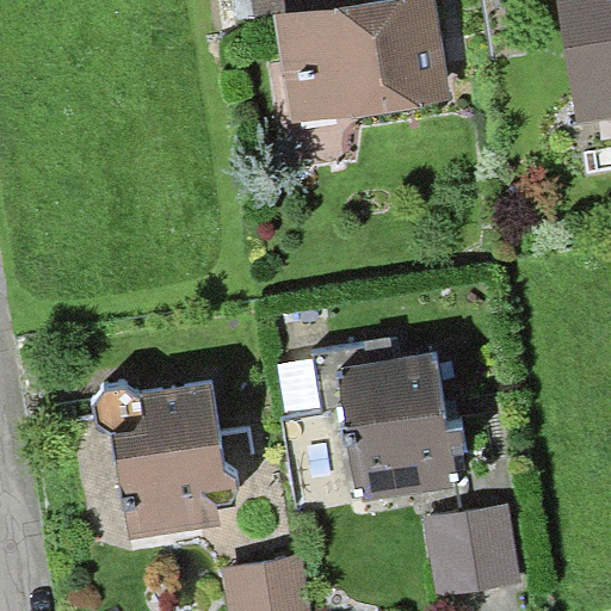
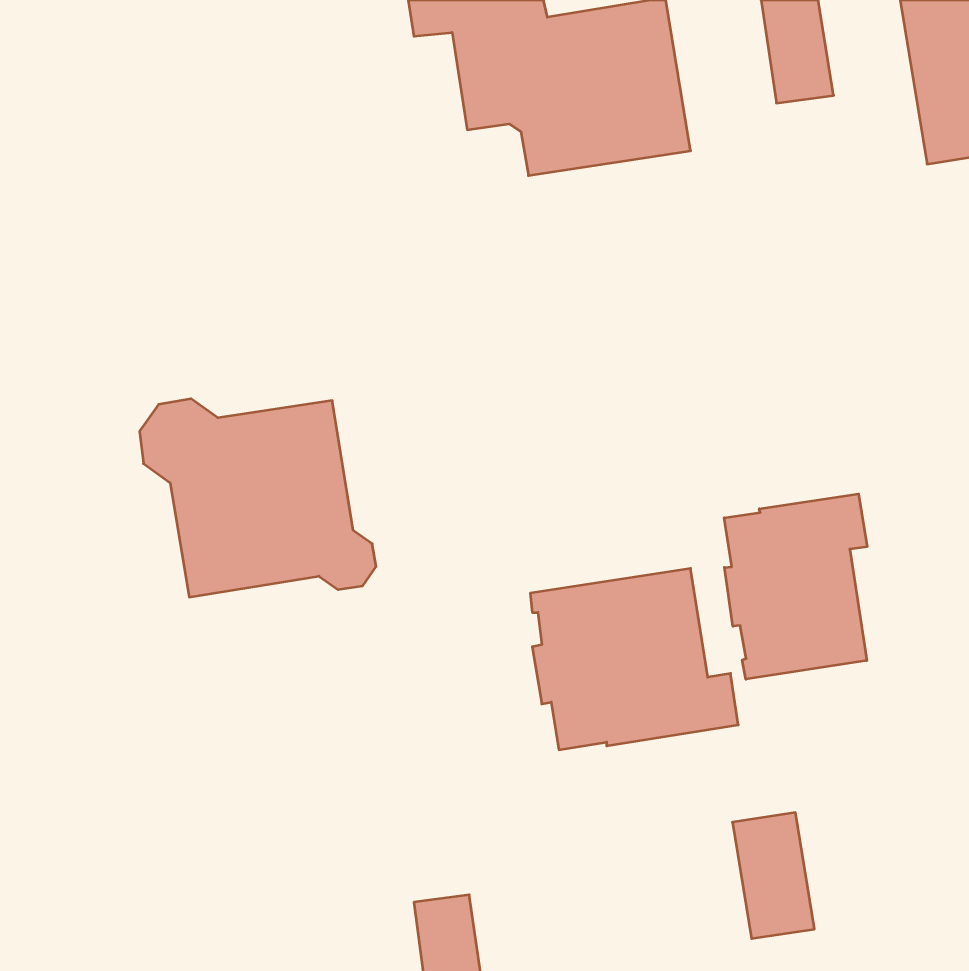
building: none -> [724,494,867,679]
building: [91,385,239,510] -> [140,399,376,597]

